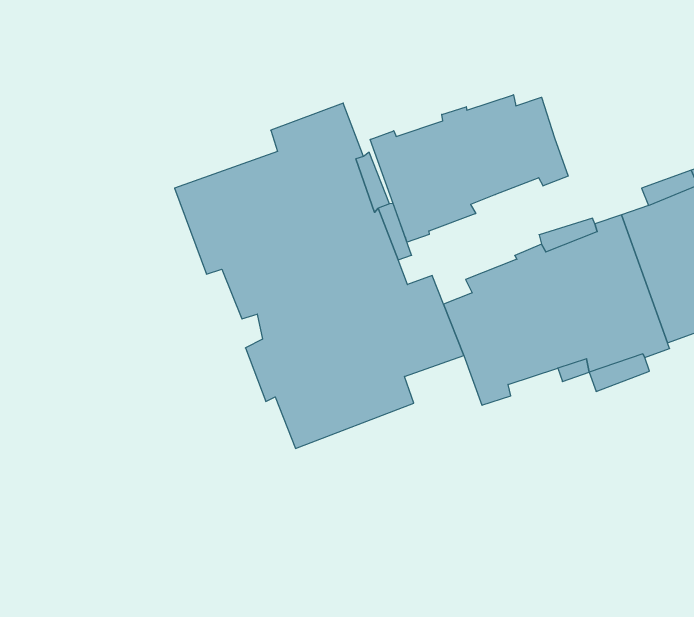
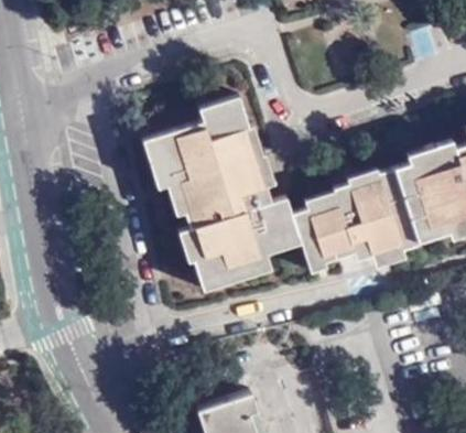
building: [370,95,568,242] -> none

